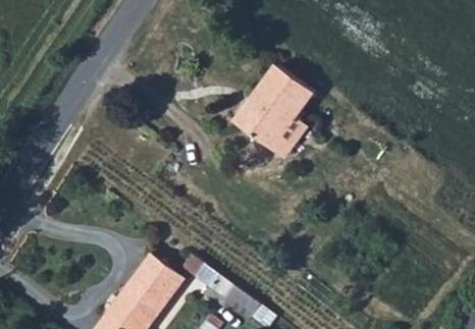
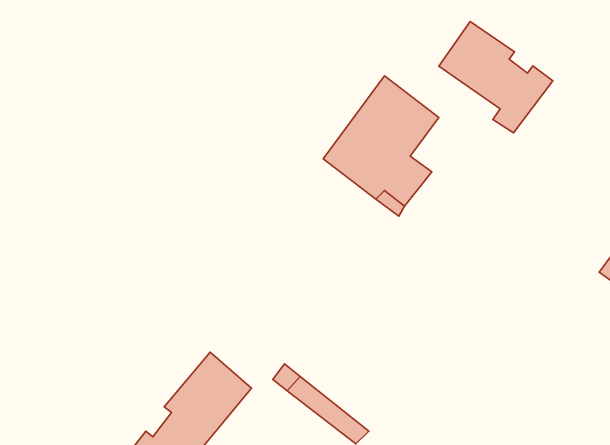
building: none -> [439,21,553,133]

